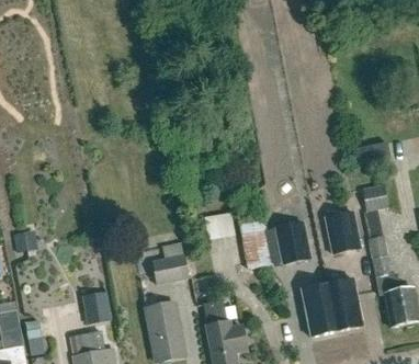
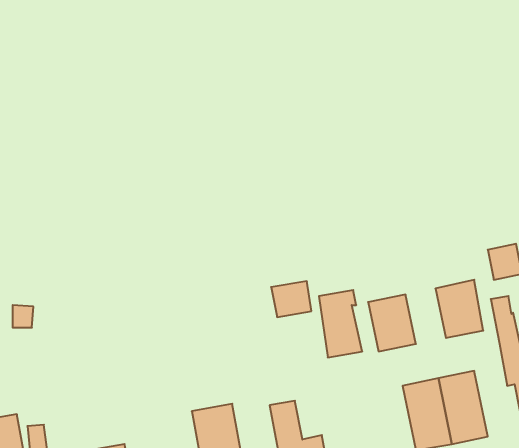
building: [152,241,190,285] -> none
building: [82,292,112,323] -> none

